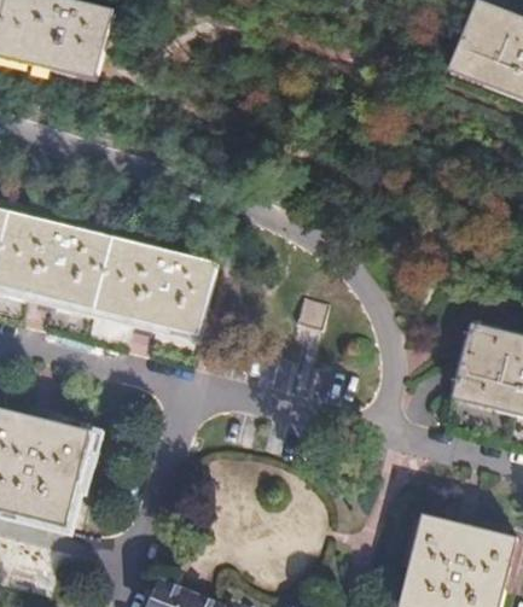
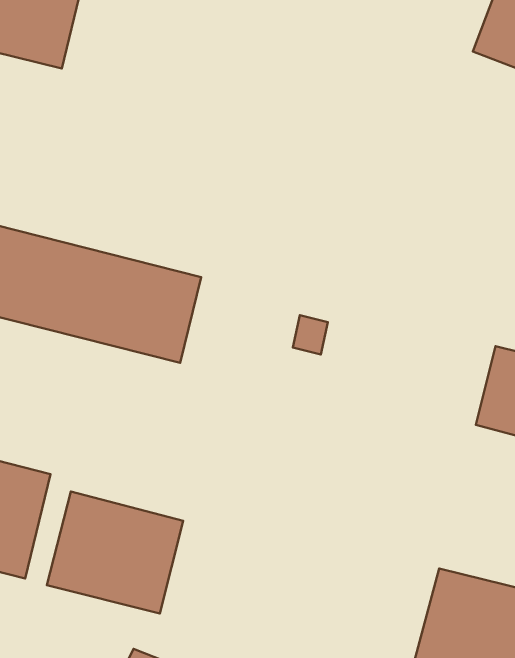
building: none -> [47,491,183,614]

